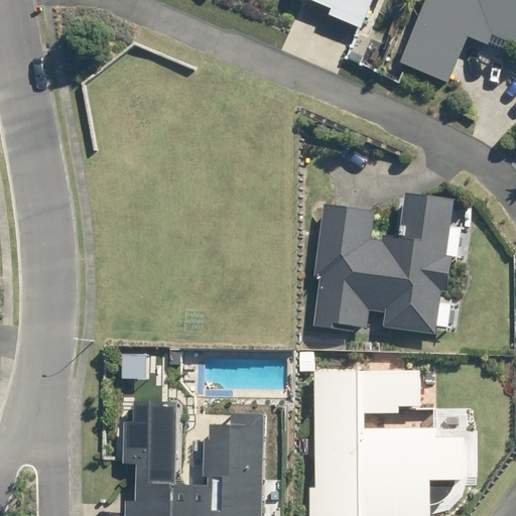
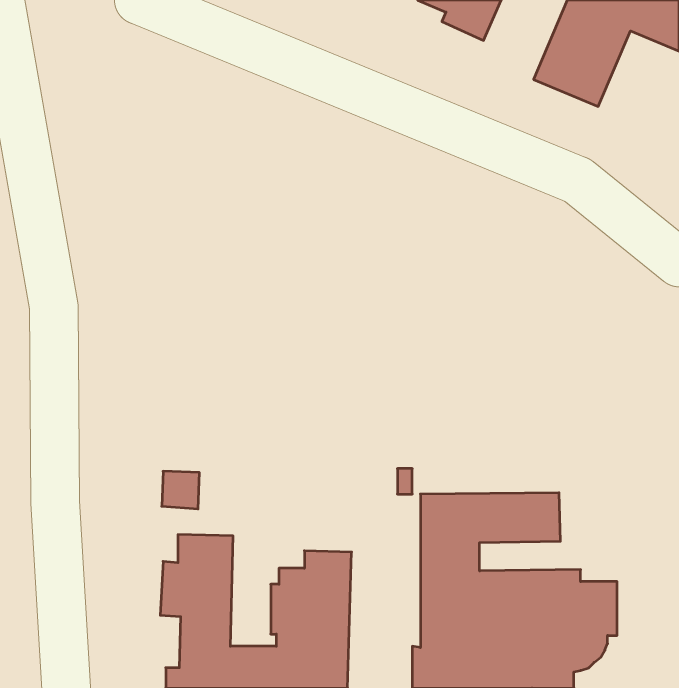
building: [313,191,457,336] -> none

